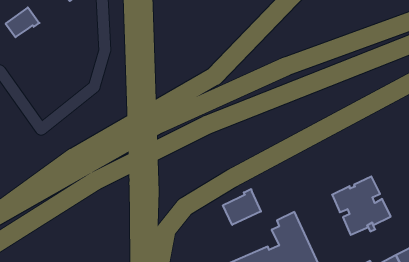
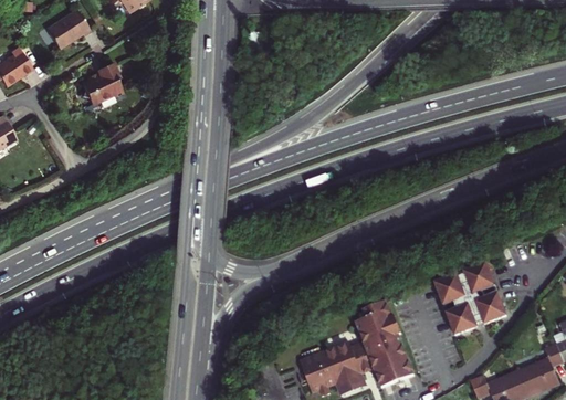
building: none -> [83,64,124,107]
building: [223,189,261,225] -> none

